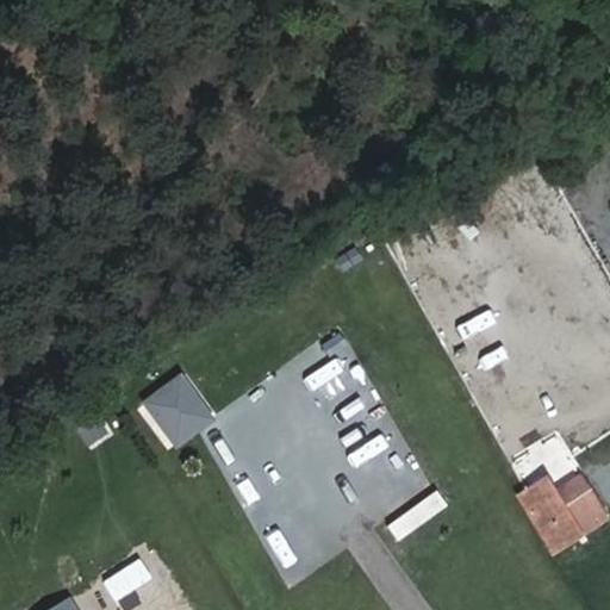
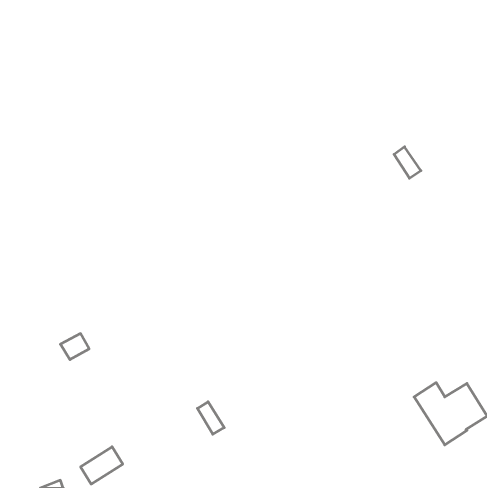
building: [143,372,216,447] -> none

